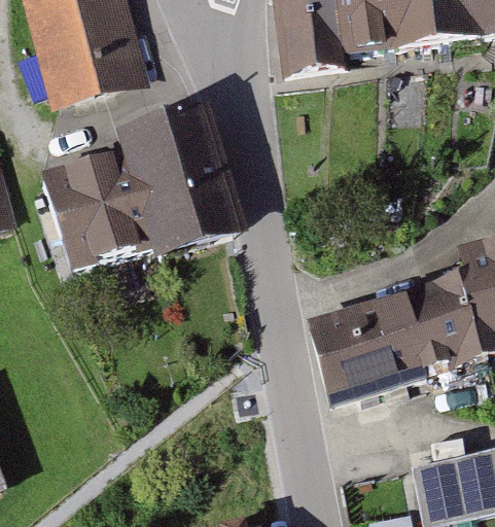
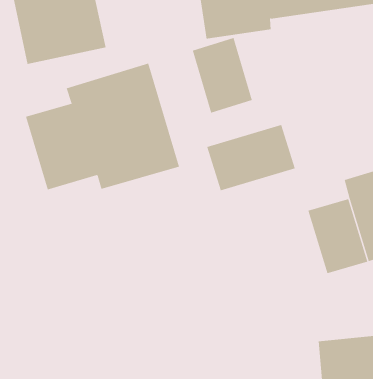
building: none -> [192,37,252,113]
building: none -> [206,124,296,191]
building: [297,290,429,402] -> none

